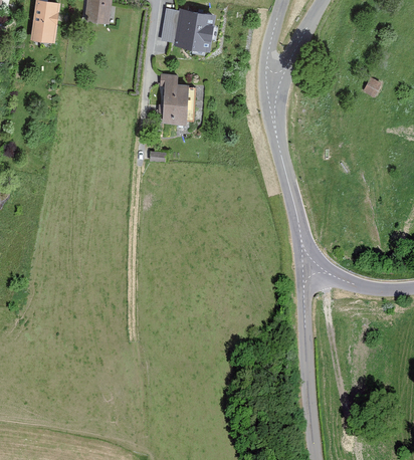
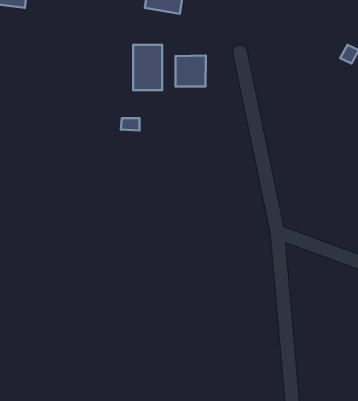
building: none -> [176,55,206,87]

